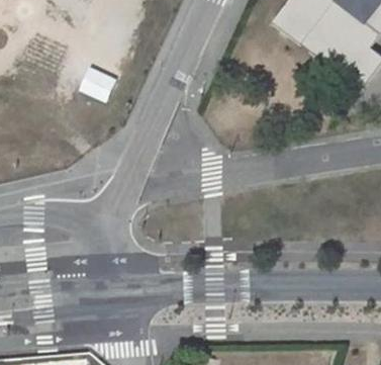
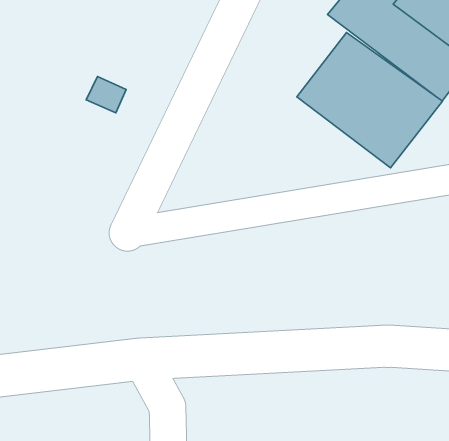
building: none -> [297,32,442,168]

